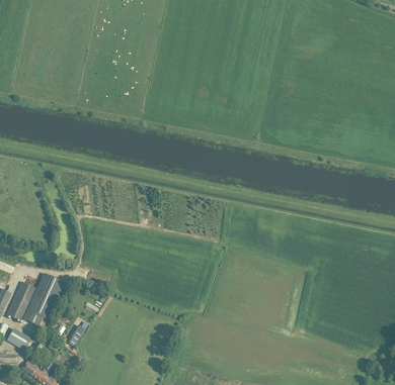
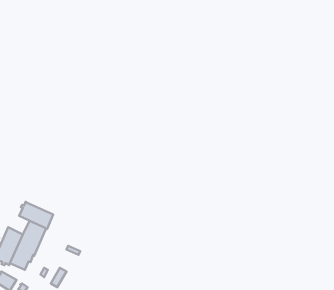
building: none -> [19,202,53,229]

